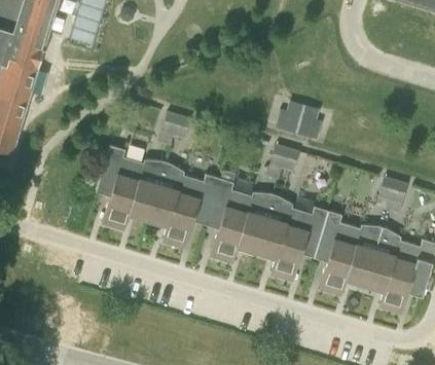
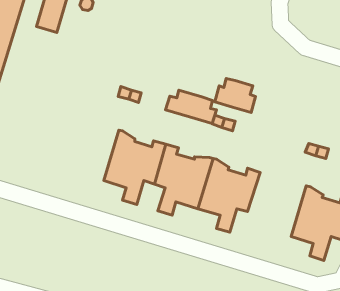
building: none -> [166,90,216,123]
building: [96,145,165,227] -> none
building: [314,211,382,292] -> none

